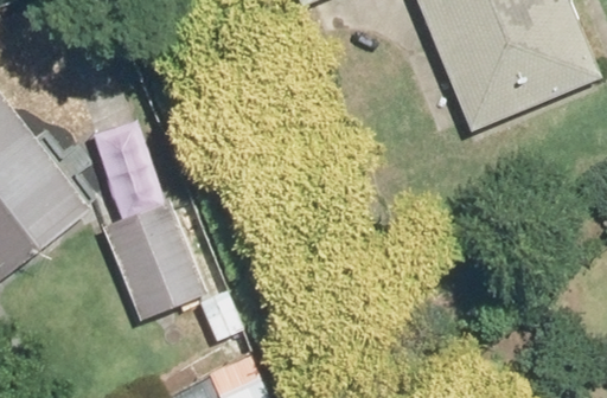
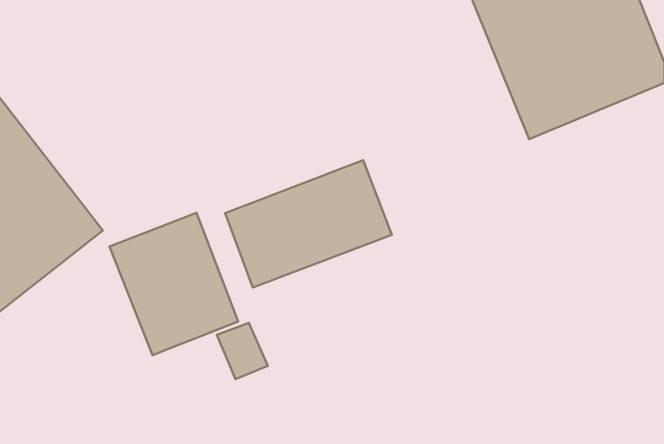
building: none -> [225,160,392,287]

